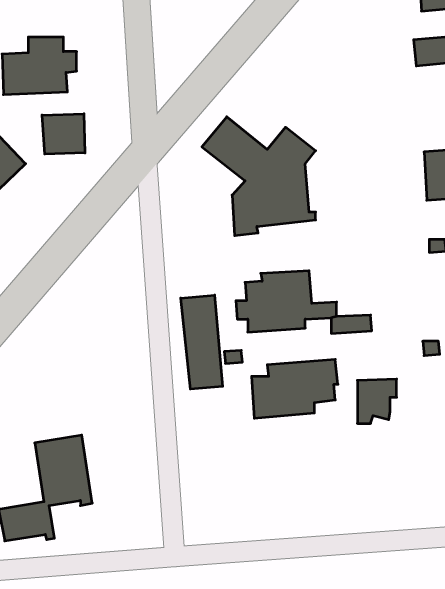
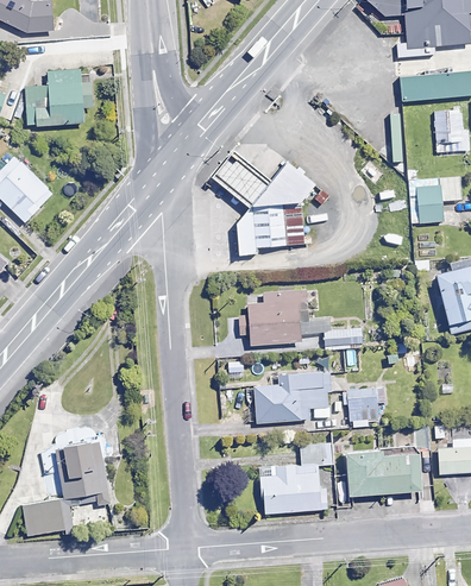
building: [42,114,85,154] -> none
building: [181,295,223,389] -> none
building: none -> [263,441,333,512]
building: none -> [346,448,420,493]

